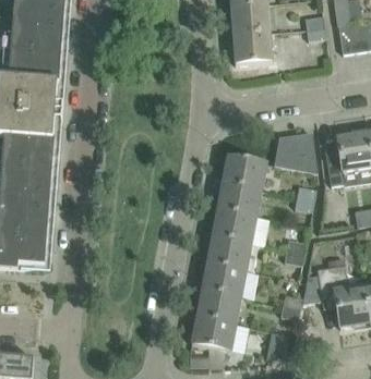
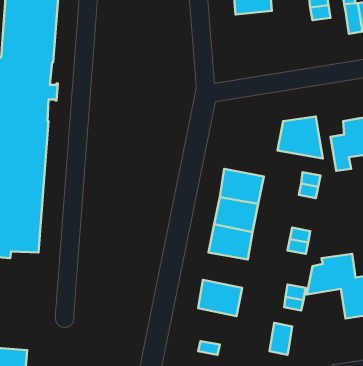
building: [234,32,271,63] -> none
building: [223,156,265,191] -> none
building: [202,264,246,297] -> none
building: [192,317,235,352] -> none

